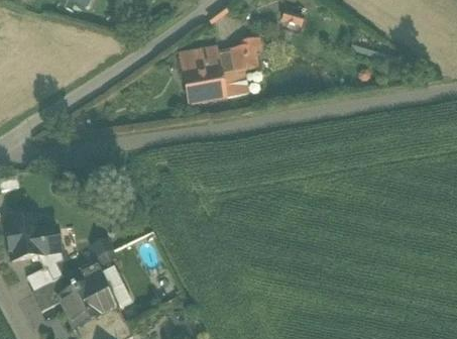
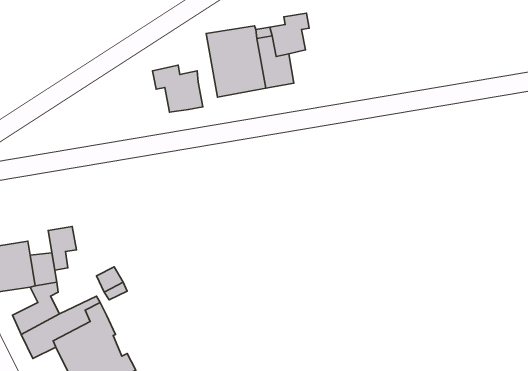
building: none -> [152,65,203,112]
building: none -> [48,226,76,270]
building: [101,268,129,308] -> none

